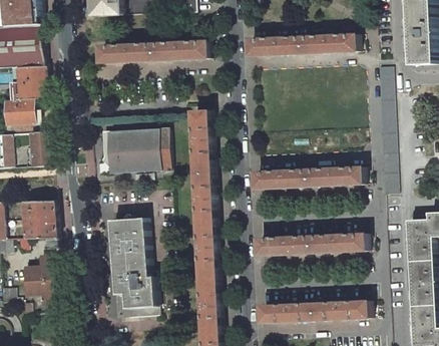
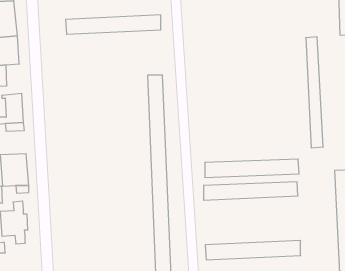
building: [246,33,355,55] -> none
building: [98,129,167,172] -> none
building: [253,166,361,188] -> [205,159,299,177]
building: [109,217,155,316] -> none

